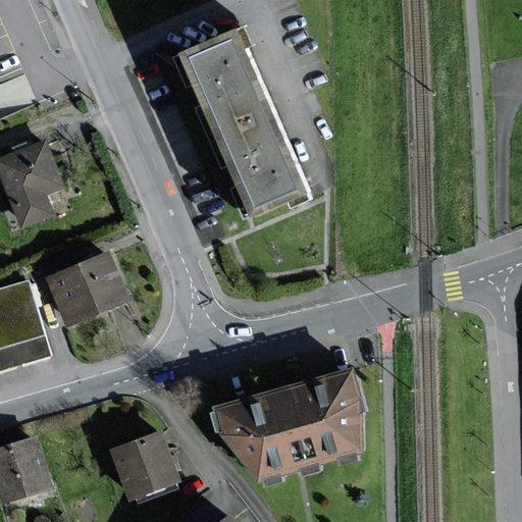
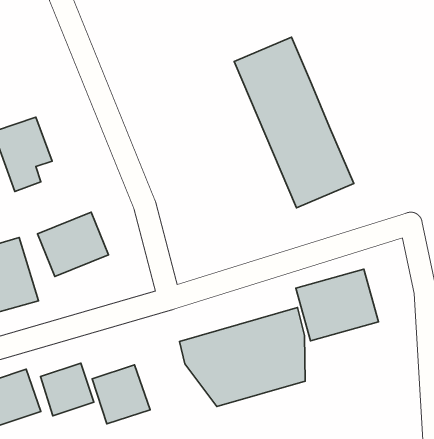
building: [173,27,314,227] -> [234,37,354,208]
building: none -> [296,269,378,341]
building: none -> [41,363,94,416]

